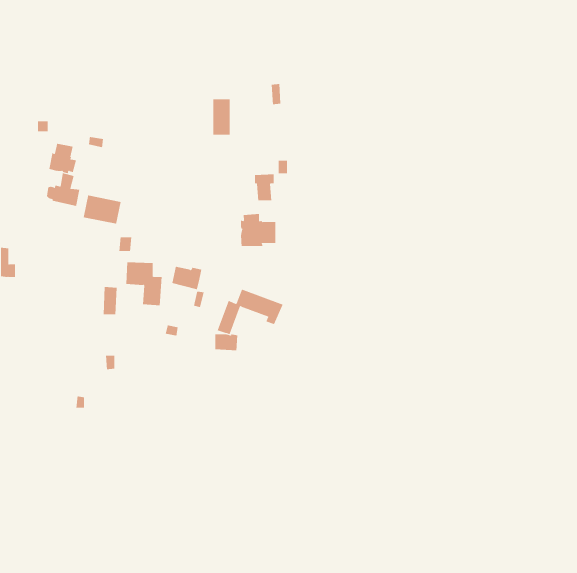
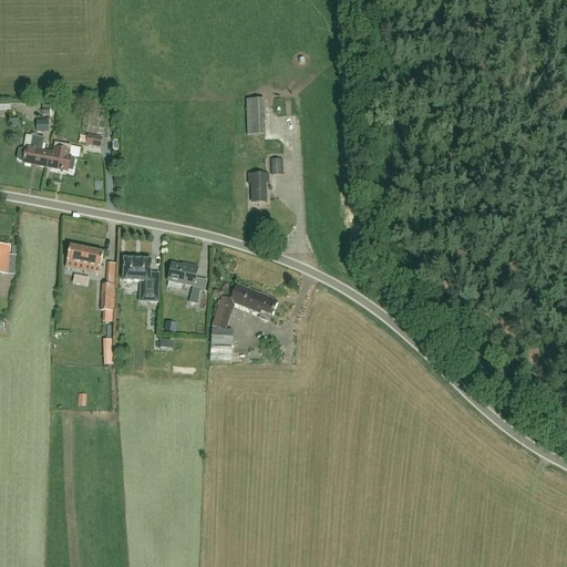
building: [212,99,230,135] -> [247,96,265,132]
building: [46,173,80,206] -> [18,133,51,166]
building: [83,195,121,224] -> [65,244,103,272]
building: [240,213,276,247] -> none

